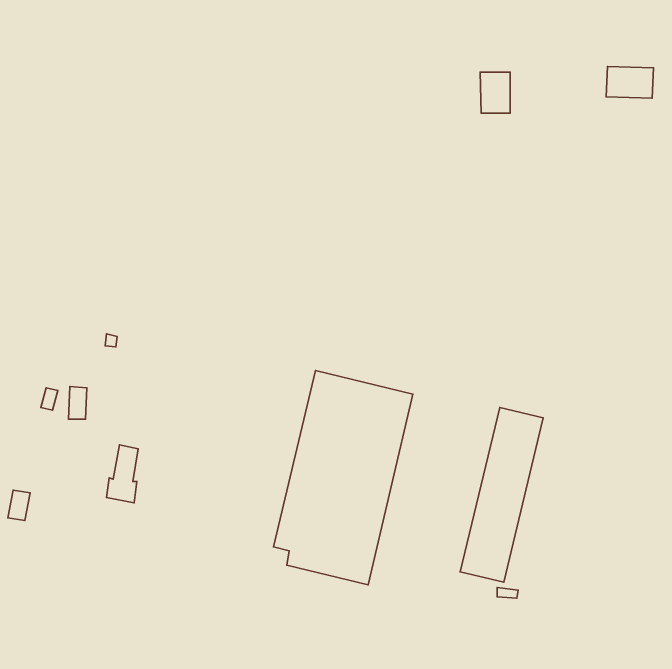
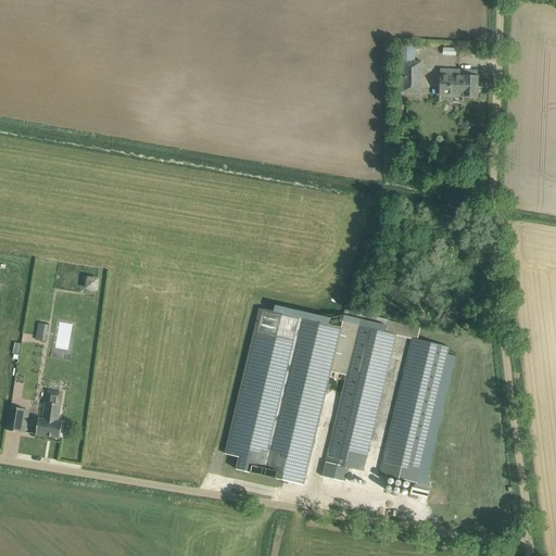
building: [606,67,653,98] -> [439,68,478,94]
building: none -> [323,324,394,479]
building: [107,445,138,503] -> [37,389,63,437]

